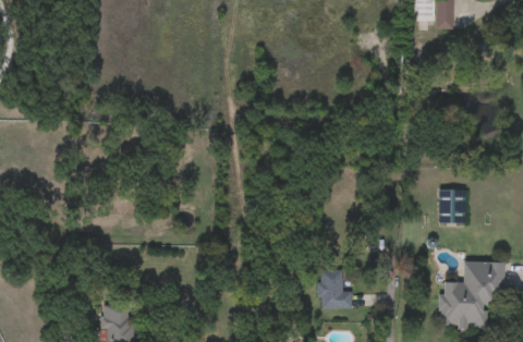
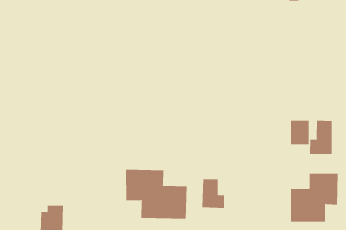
building: none -> [310,120,332,155]
building: none -> [126,169,187,220]

